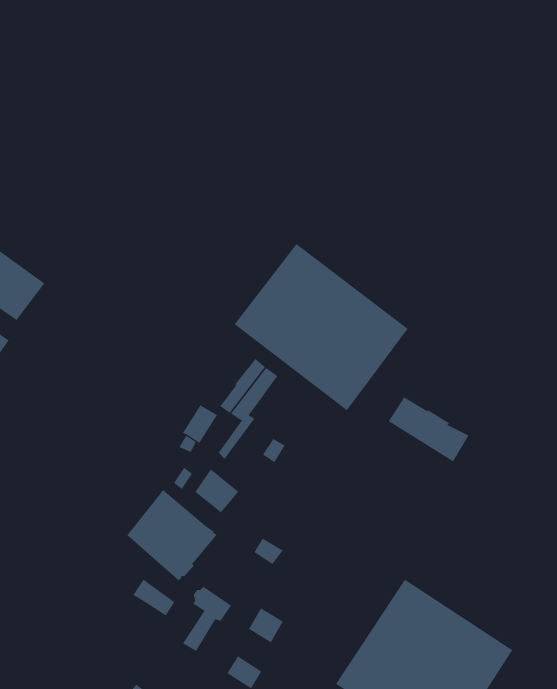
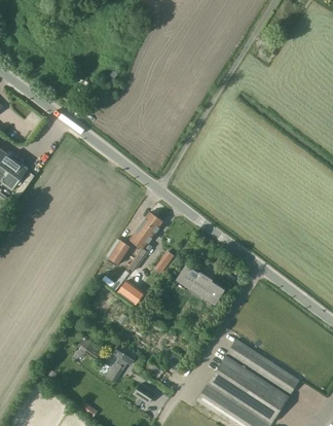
building: [234,243,409,411] -> none
building: [388,396,470,462] -> [178,265,225,304]
building: [126,489,218,582] -> none

